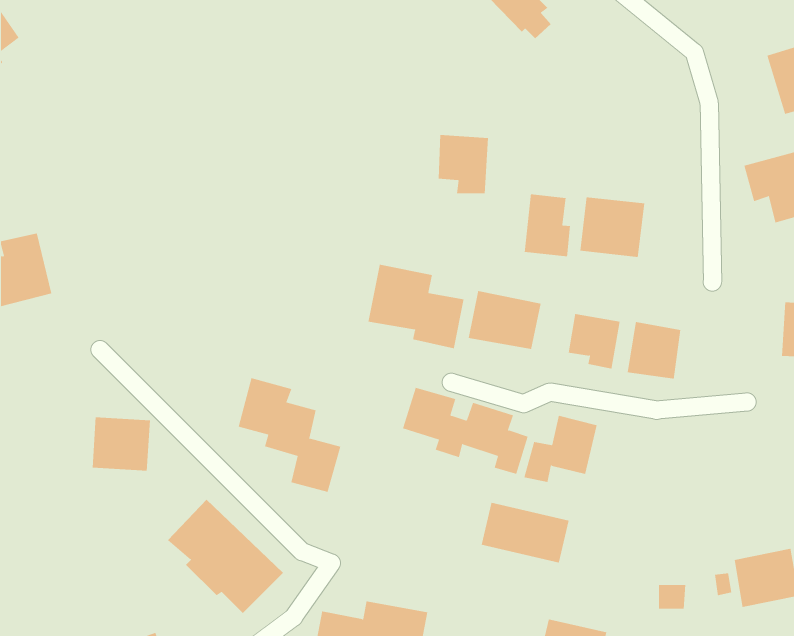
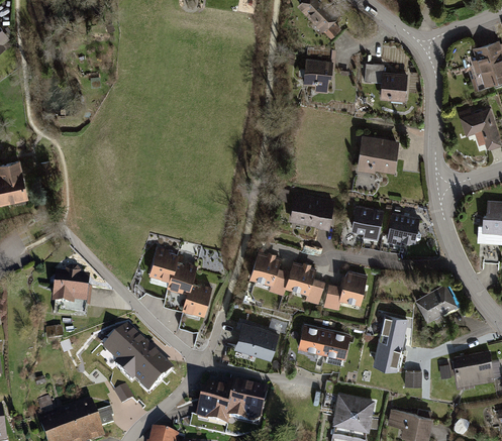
building: none -> [365,64,407,102]
building: [438,135,489,194] -> [301,58,332,94]
building: [524,193,570,257] -> none
building: [368,264,464,349] -> none
building: none -> [416,284,458,322]
building: none -> [377,317,409,366]
building: none -> [233,322,279,361]

